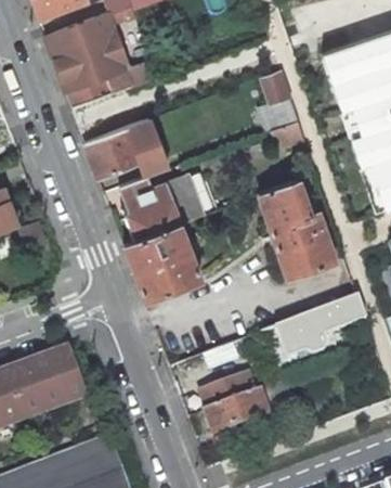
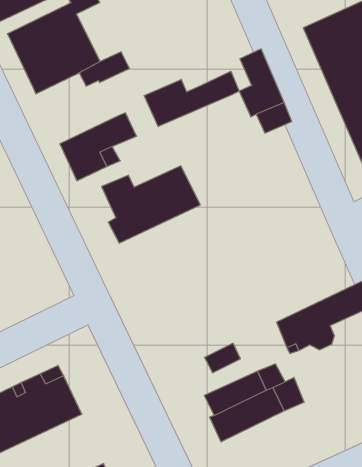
building: none -> [144,71,239,127]
building: [259,177,335,275] -> none
building: [123,221,201,299] -> none

